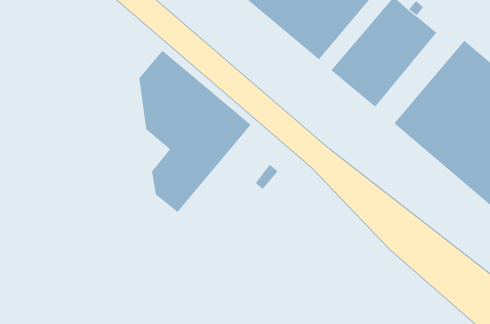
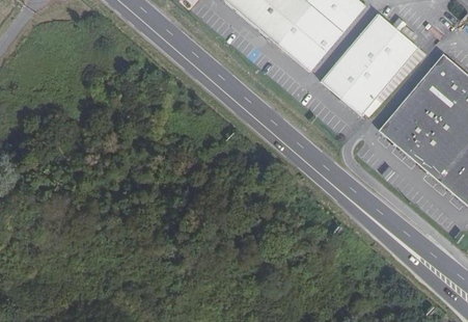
building: [139,50,251,213] -> none

